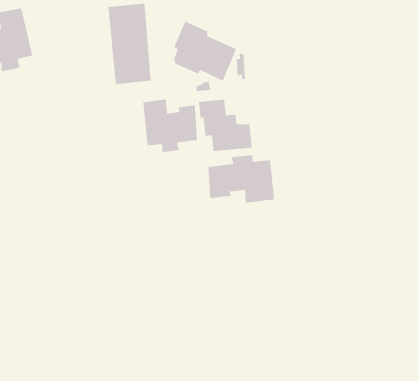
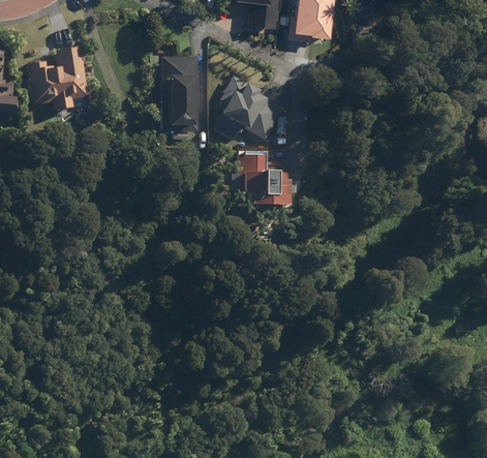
building: [143,98,198,153] -> none
building: [208,154,275,204] -> none

